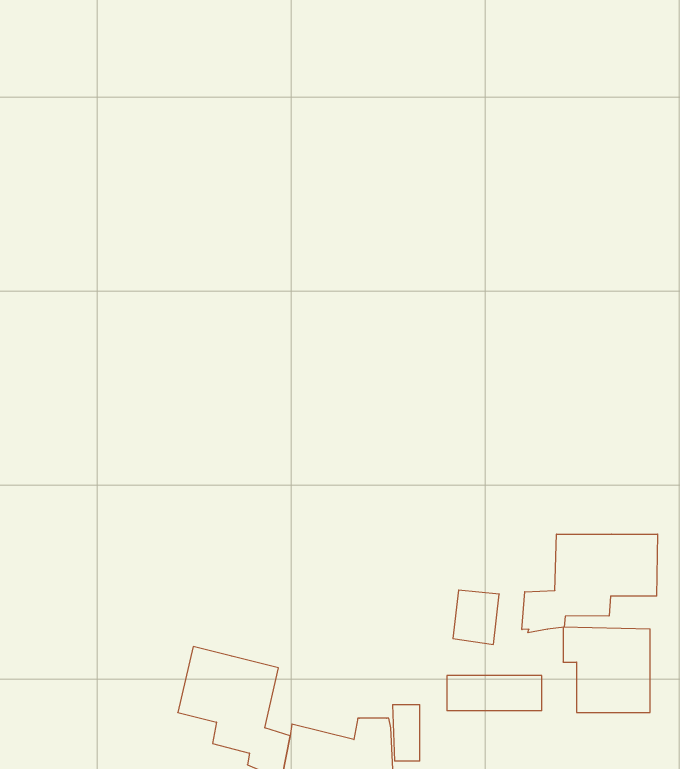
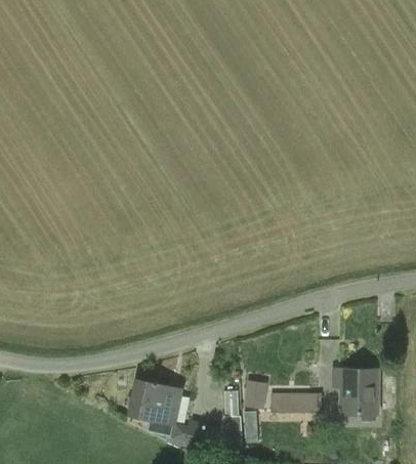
building: [522,534,658,633] -> none
building: [453,590,499,644] -> [243,380,267,409]

